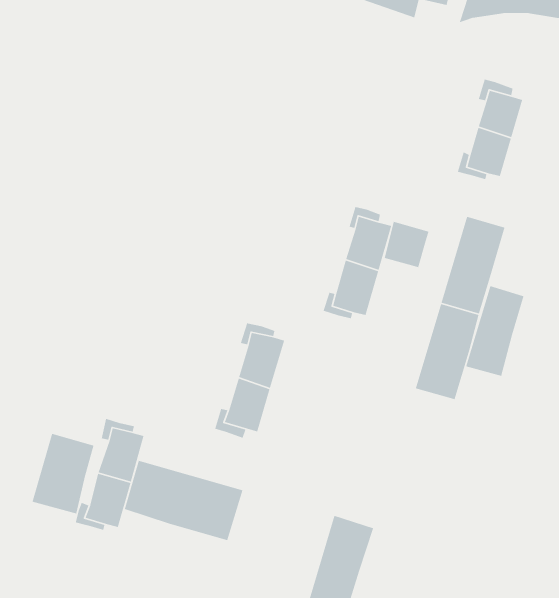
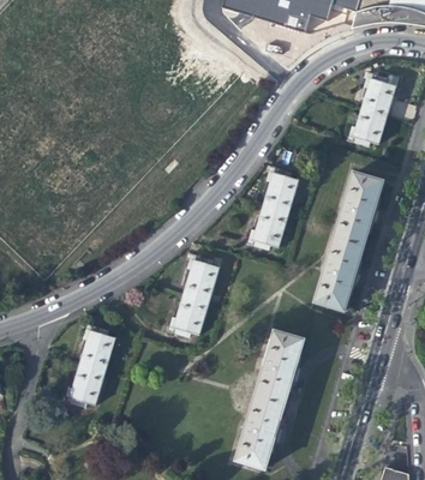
building: [384,221,430,268] -> none
building: [465,285,524,377] -> none
building: none -> [256,330,305,404]
building: [32,433,94,514] -> none
building: [124,460,244,541] -> none

